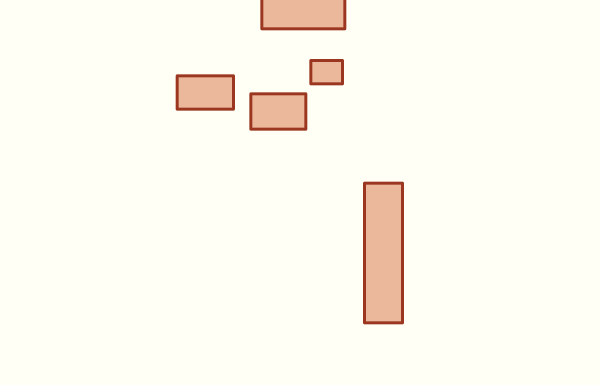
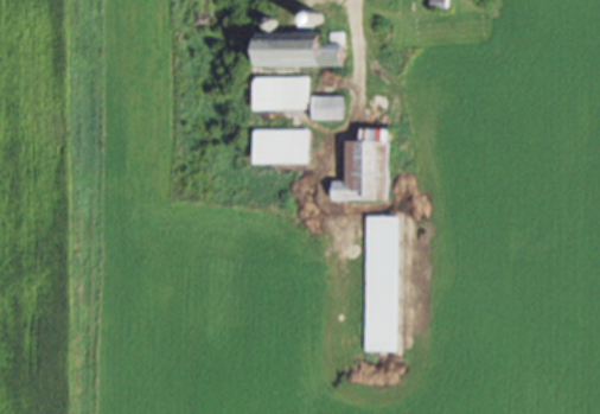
building: [177,76,233,109] -> [250,78,305,110]
building: none -> [328,129,385,200]

